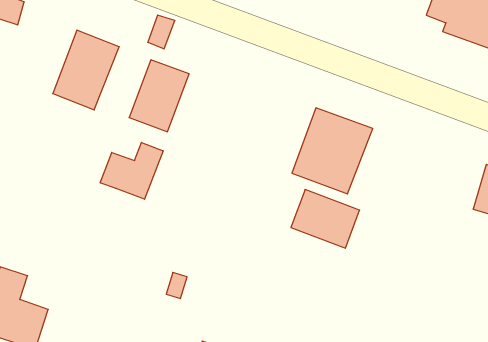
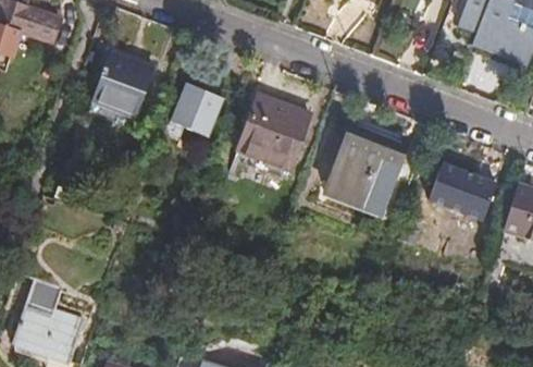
building: none -> [237,91,310,166]
building: [100,142,163,199] -> none
building: [291,189,360,248] -> [426,162,495,221]

